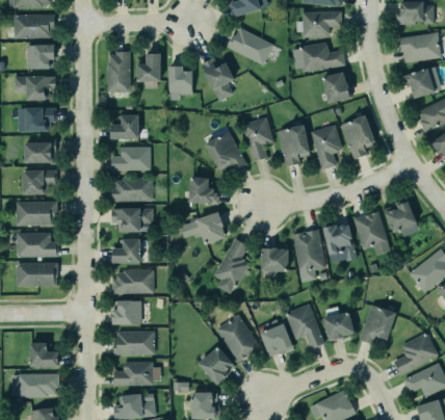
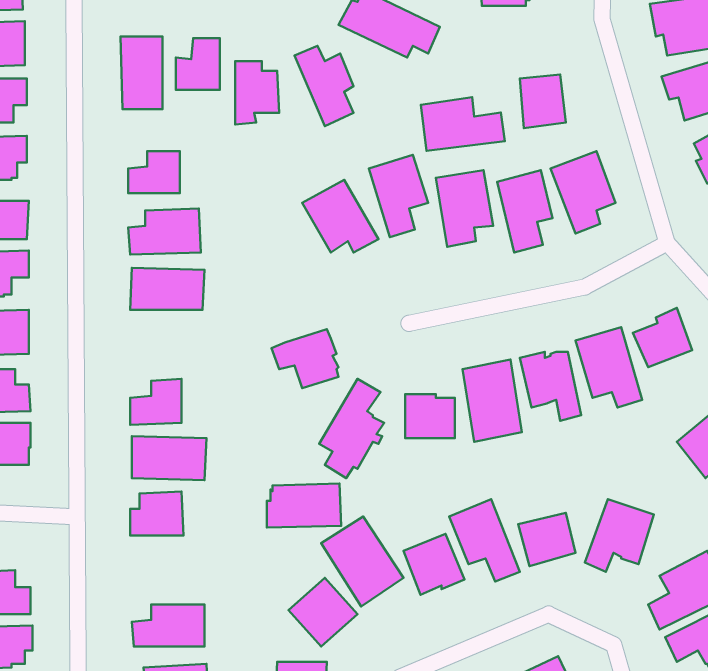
building: [299,43,345,72] -> [421,97,505,151]
building: [189,178,219,205] -> none
building: [112,209,153,233] -> none
building: [114,331,155,355] -> [267,484,341,528]

